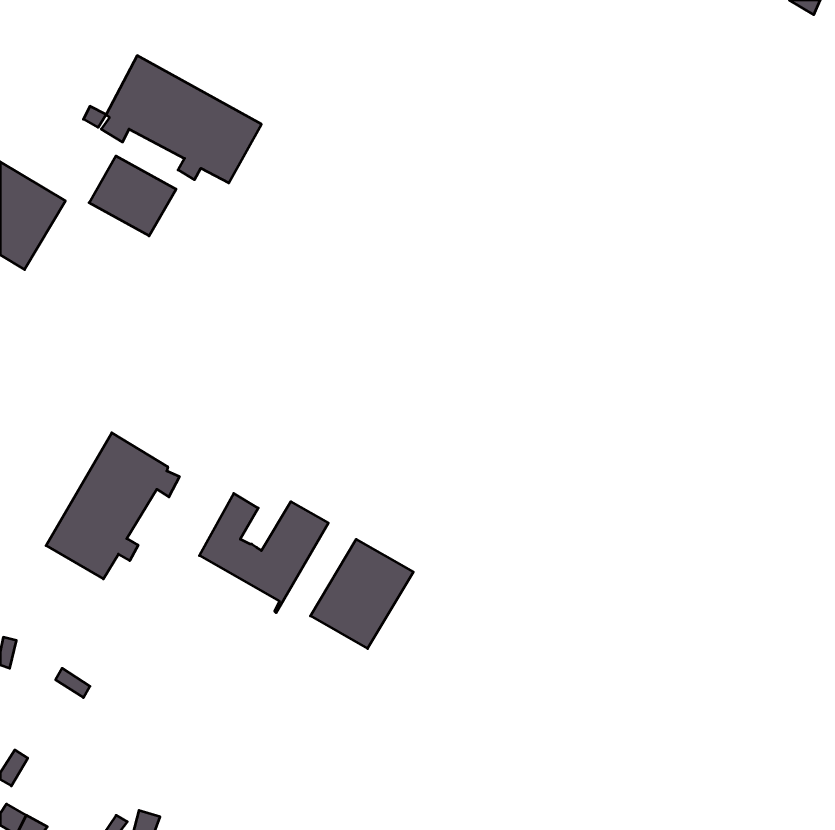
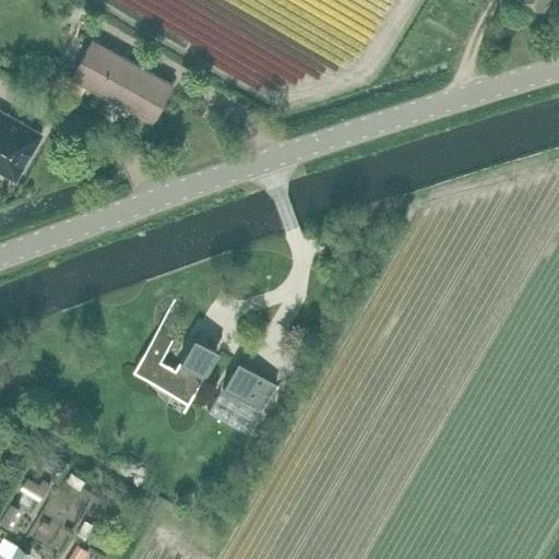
building: [89,156,176,236] -> none
building: [46,433,179,579] -> none

